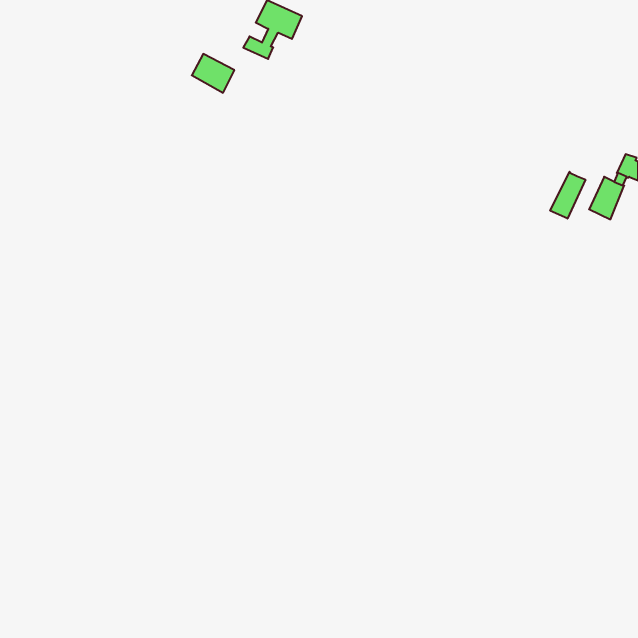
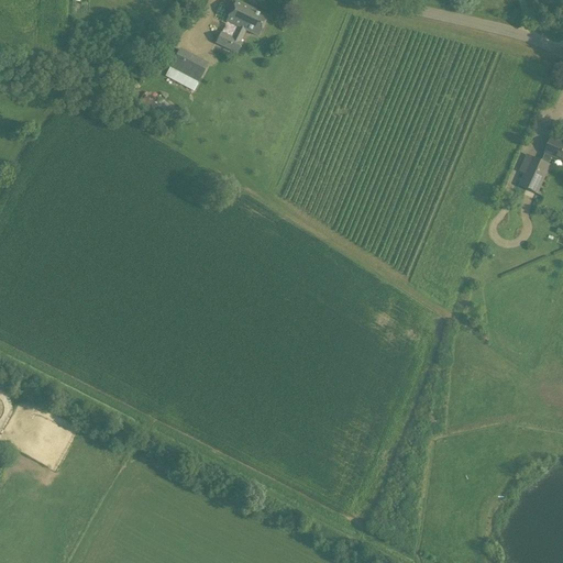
building: [550,172,585,219] -> none

